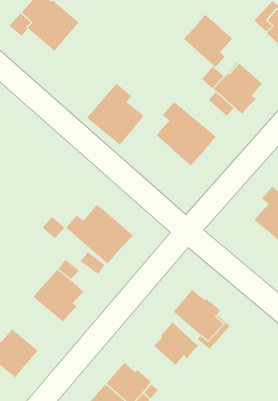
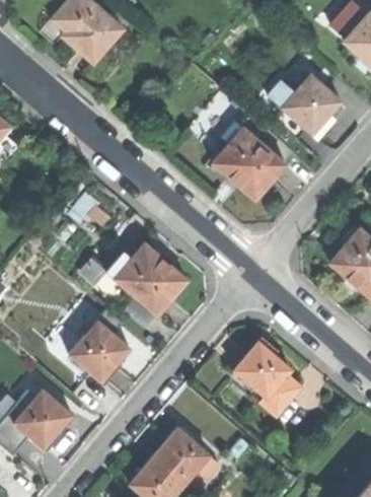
building: [183,14,233,68] -> none
building: [86,83,144,146] -> none
building: [153,321,199,366] -> none

